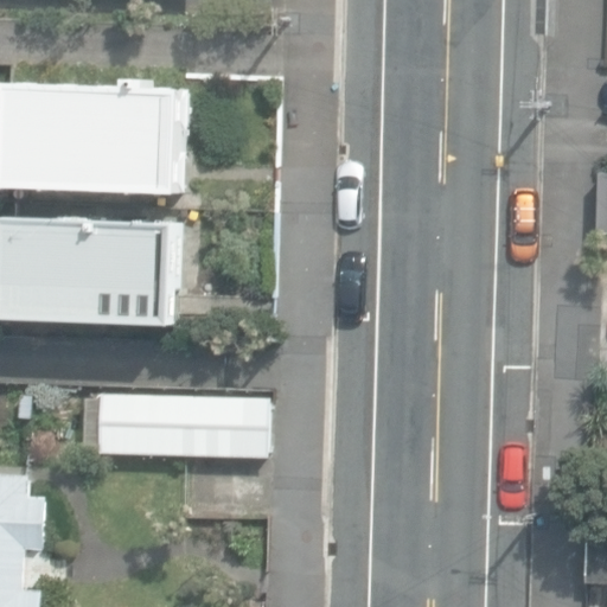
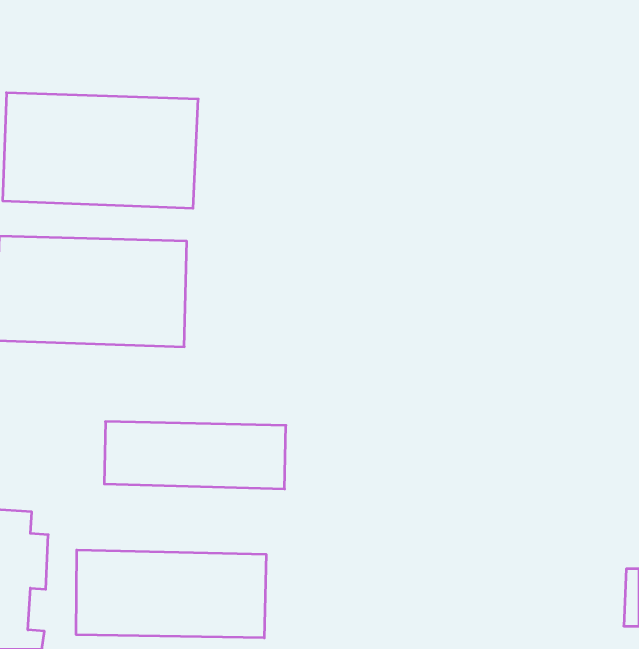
building: none -> [76,550,266,638]

